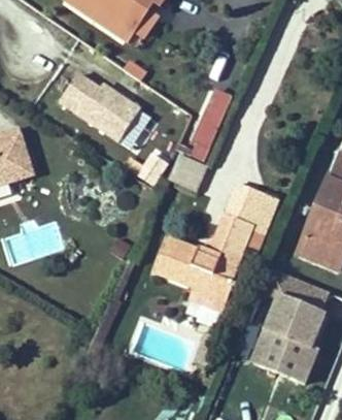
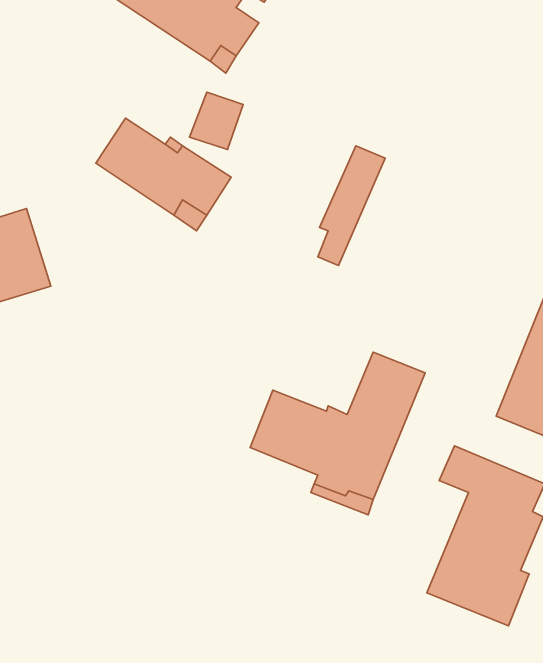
building: [225,182,280,254] -> none

